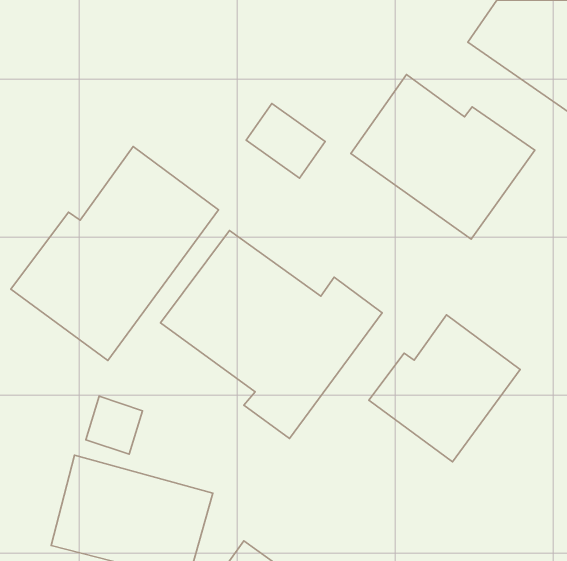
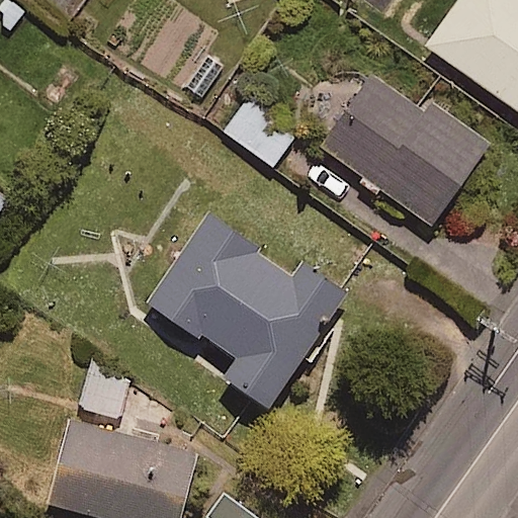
building: [11,146,218,360] -> none
building: [369,315,520,462] -> none

